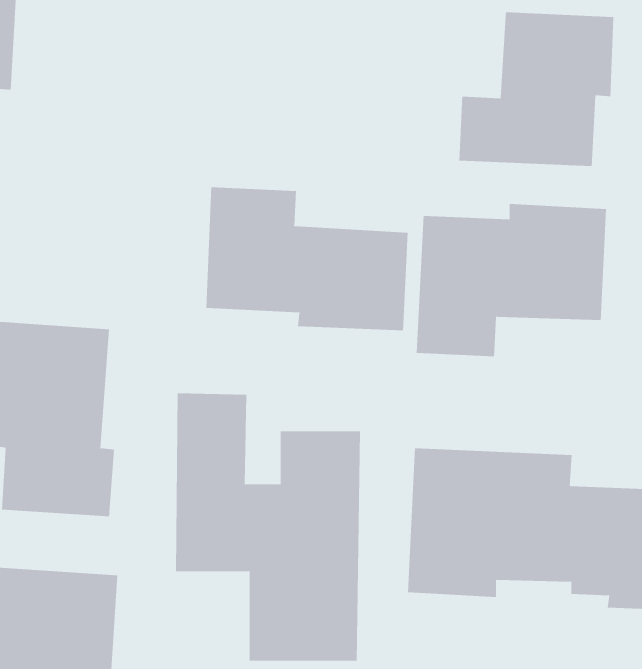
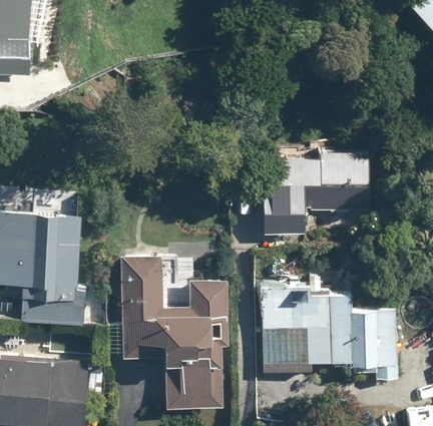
building: [459,11,614,167] -> none
building: [206,186,408,331] -> none

